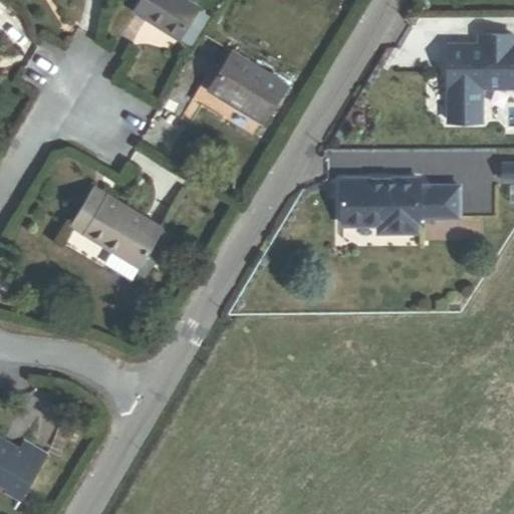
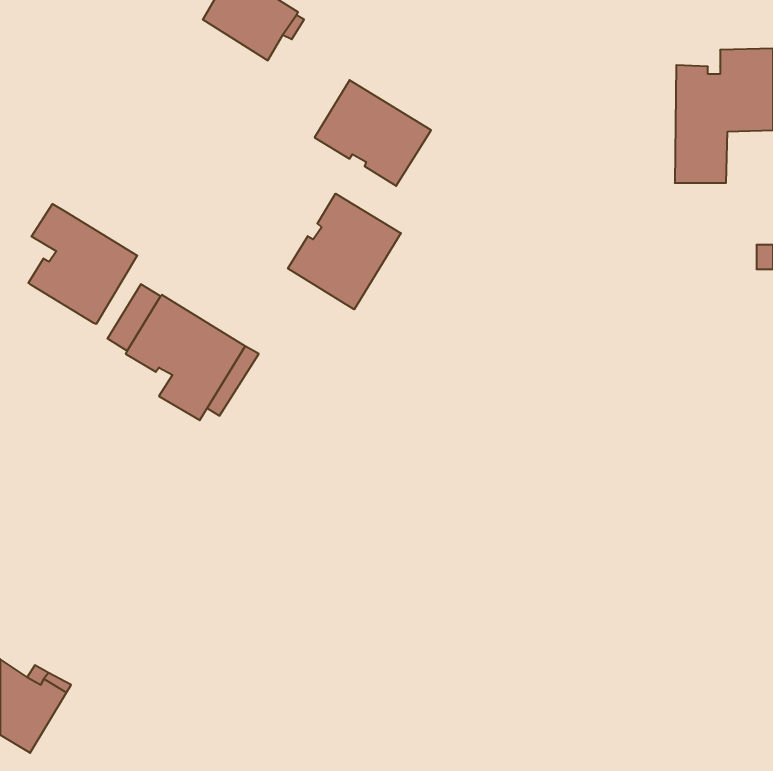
building: none -> [288,194,401,309]
building: none -> [28,204,137,324]
building: [343,179,459,231] -> none

